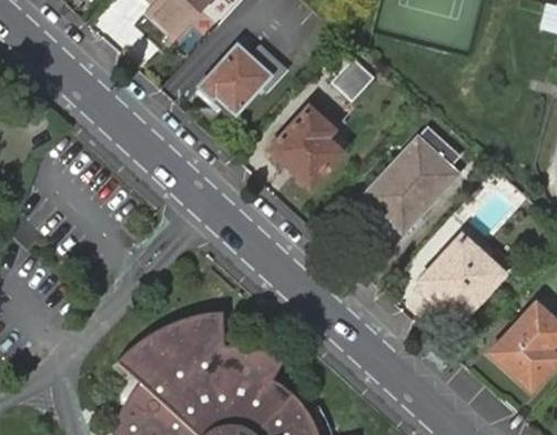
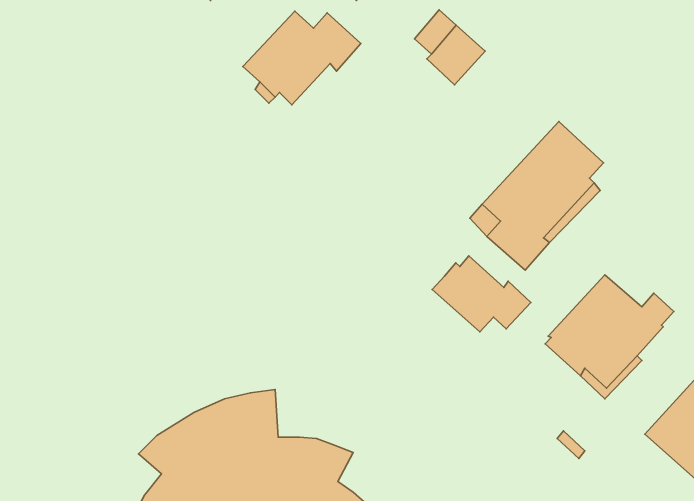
building: [270,105,351,186] -> none
building: none -> [432,256,531,332]

